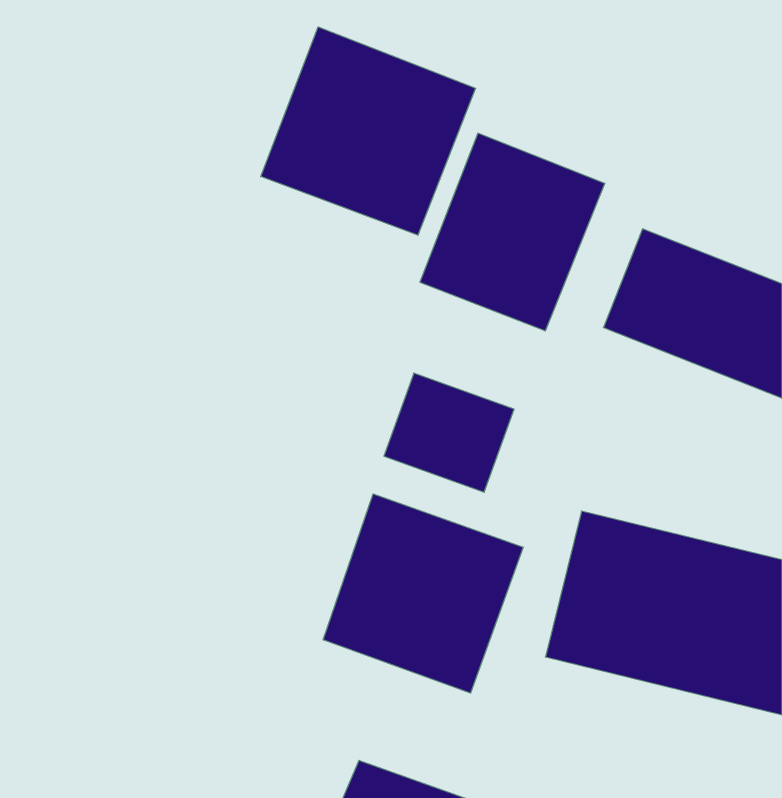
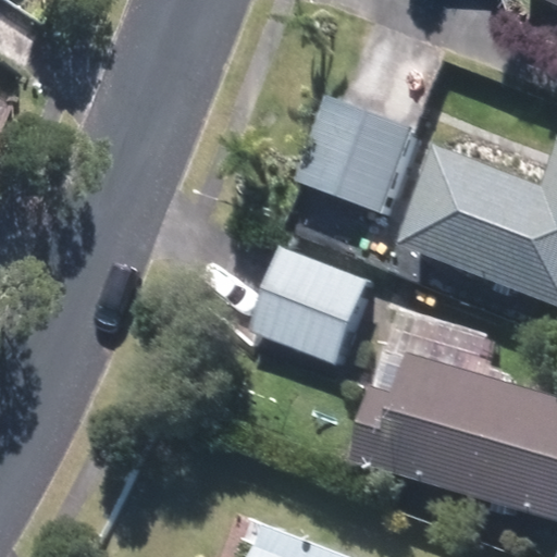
building: [261,27,475,235] -> none
building: [323,494,523,693] -> none

